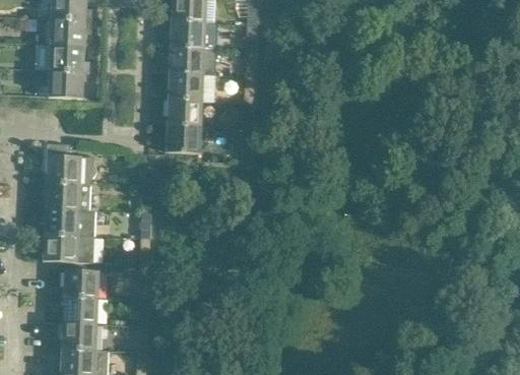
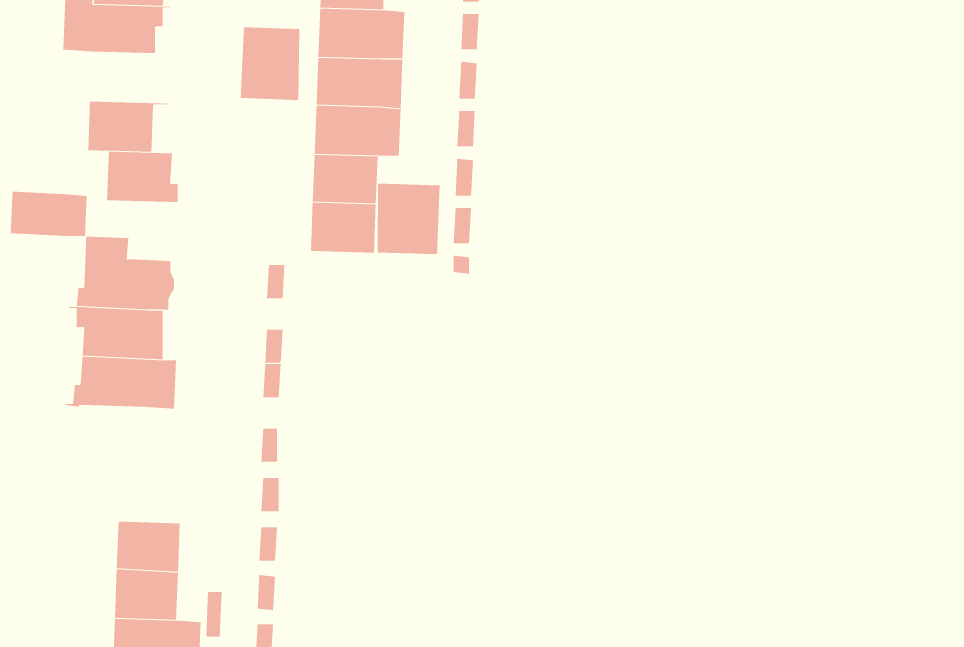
building: none -> [240,27,300,101]
building: [49,46,87,73] -> [106,151,179,202]
building: none -> [377,183,440,255]
building: none -> [10,191,87,237]
building: [43,235,94,263] -> none
building: [64,270,100,298] -> none

